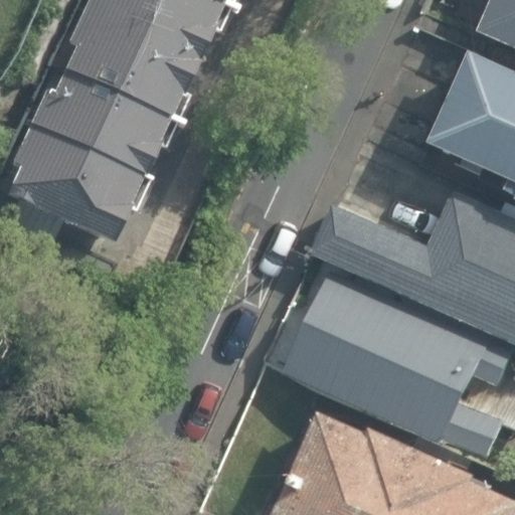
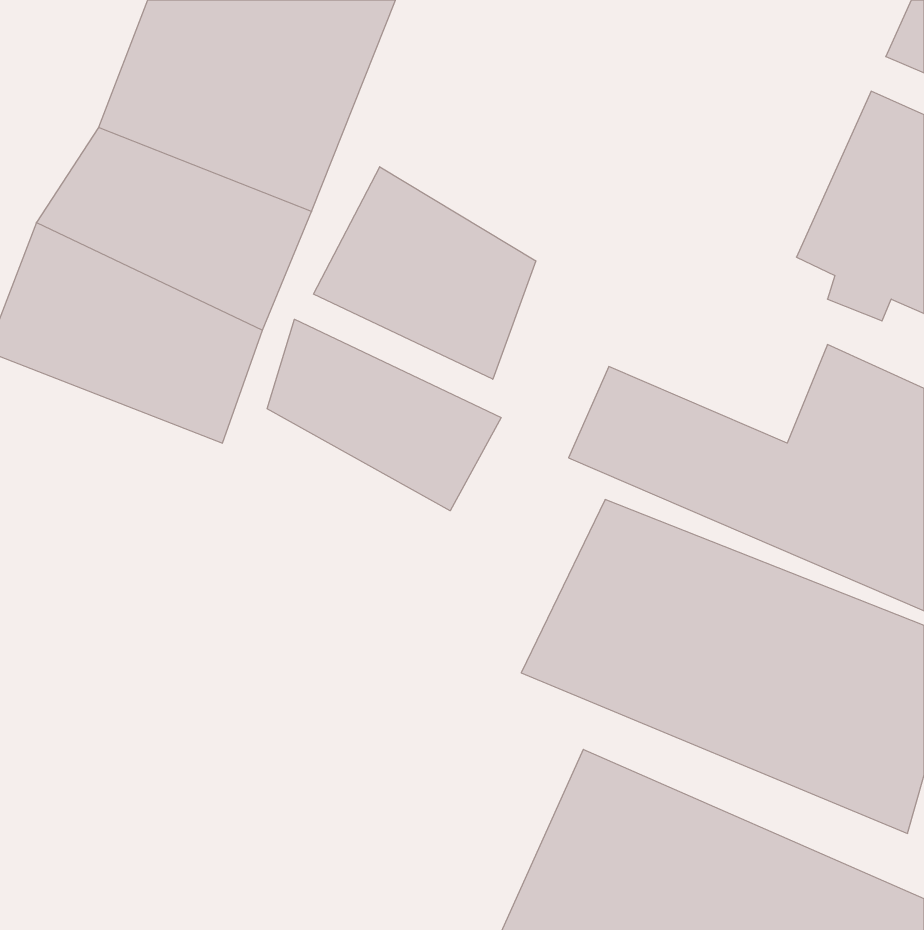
building: none -> [314,167,536,379]
building: none -> [267,319,501,511]

